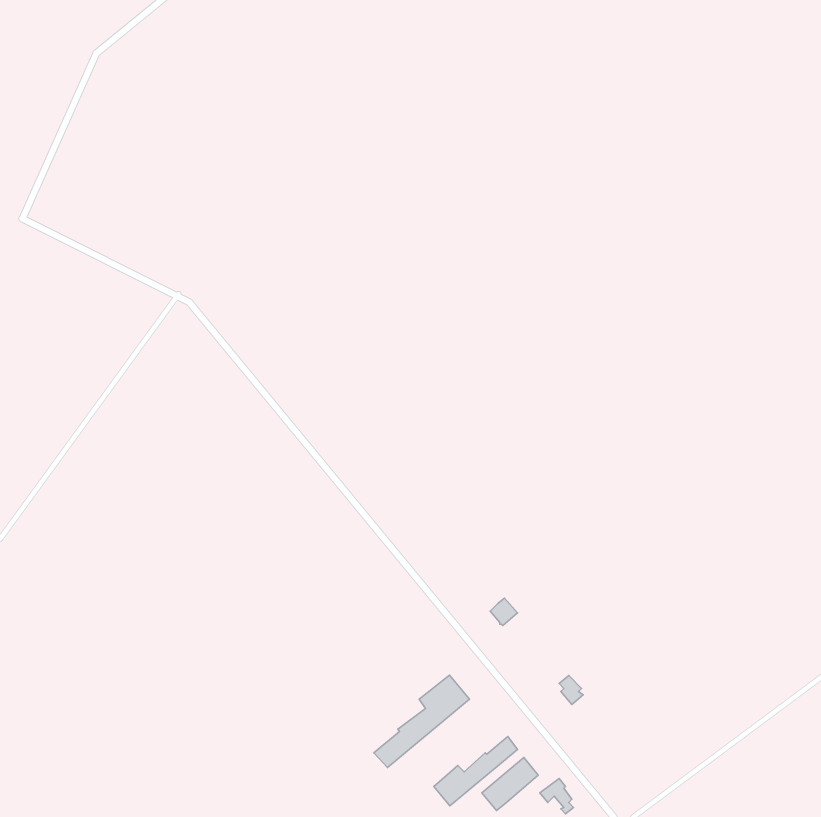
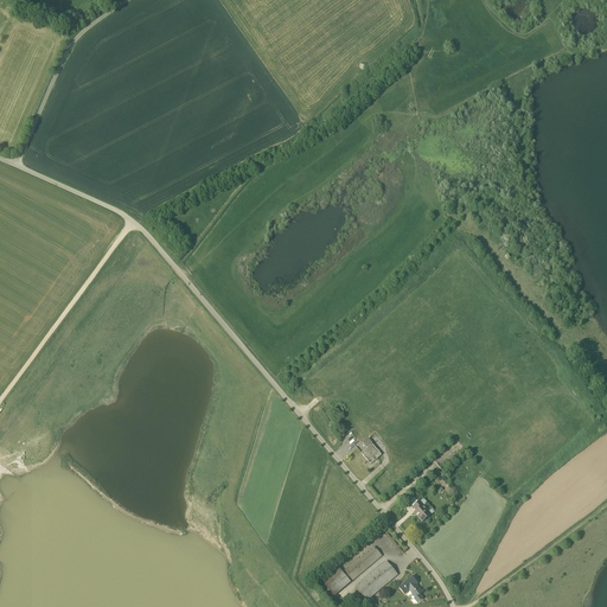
building: [374,675,469,767] -> none

